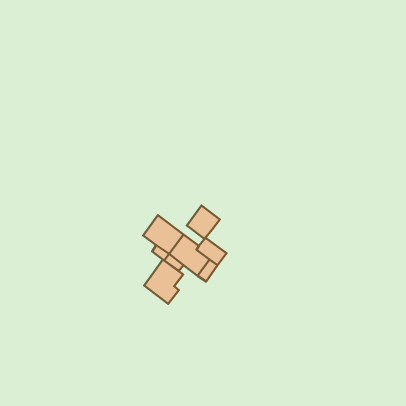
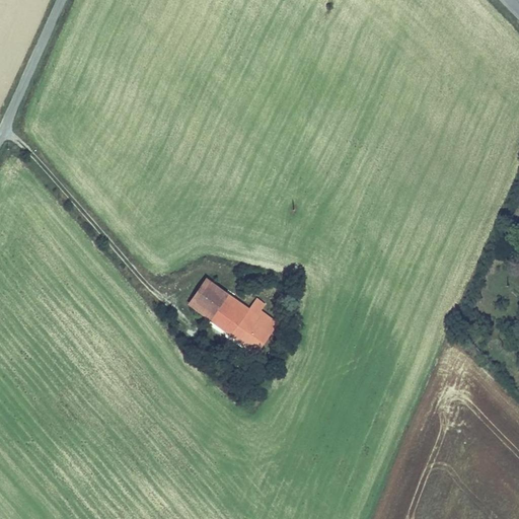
building: [187,206,220,239] -> none
building: [144,259,183,304] -> none

